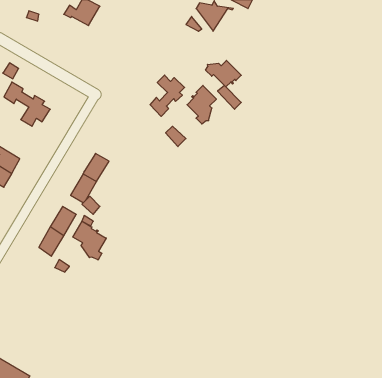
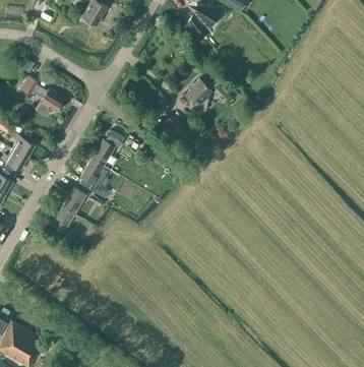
building: [206,60,241,87] -> none
building: [150,75,185,116] -> none
building: [73,221,106,260] -> none

